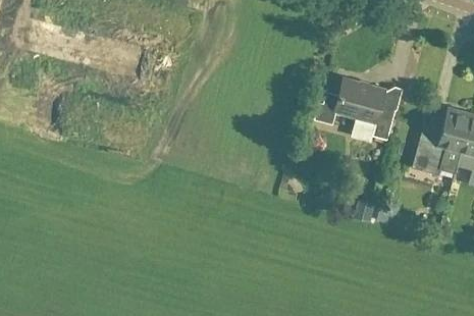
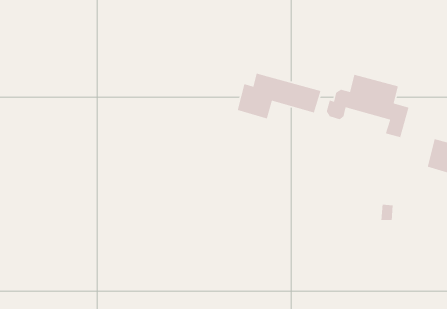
building: none -> [237,73,321,120]

